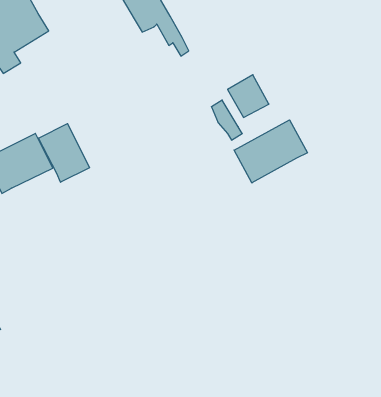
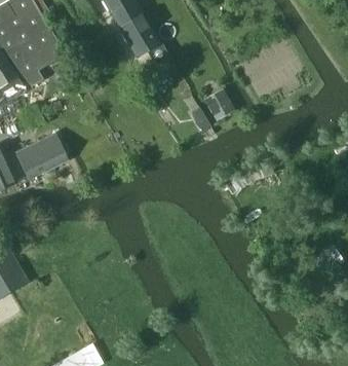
building: [234,120,307,183] -> none
building: [38,124,90,182] -> none

